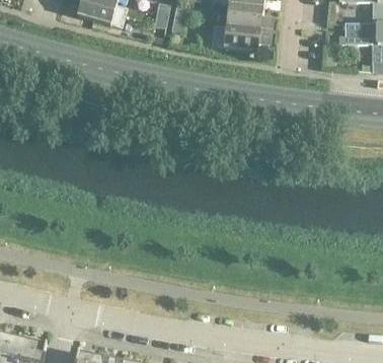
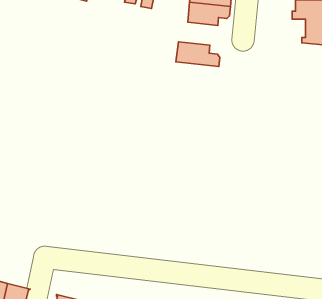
building: none -> [176,42,220,66]

